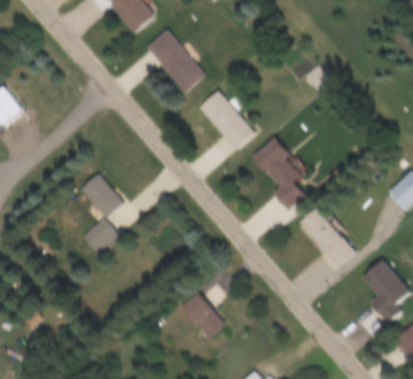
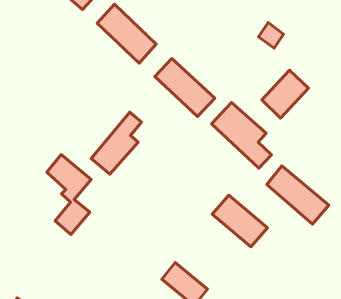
building: none -> [262,70,308,118]
building: none -> [91,112,142,174]
building: none -> [212,195,268,247]

